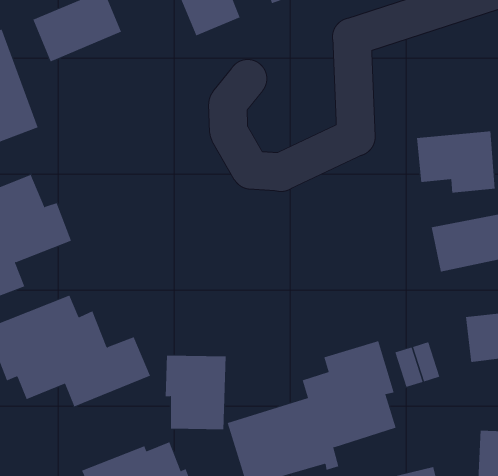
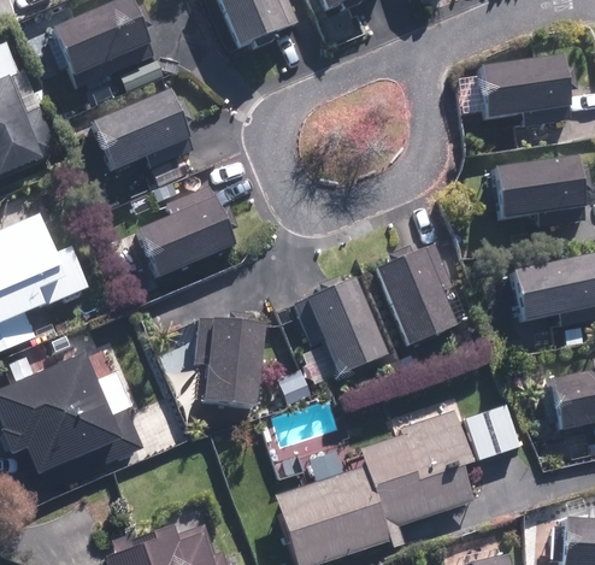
building: none -> [477,53,567,128]
building: none -> [93,93,187,170]
building: none -> [135,186,232,281]
building: none -> [382,247,465,341]
building: none -> [302,281,390,379]
building: [165,355,226,430] -> [200,317,271,404]

